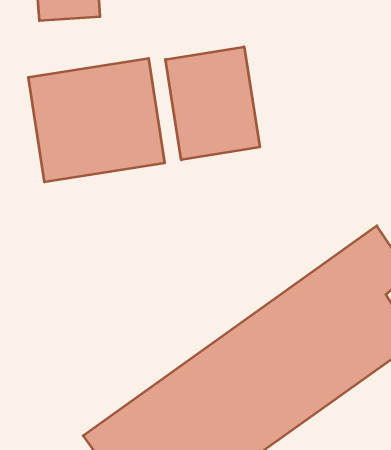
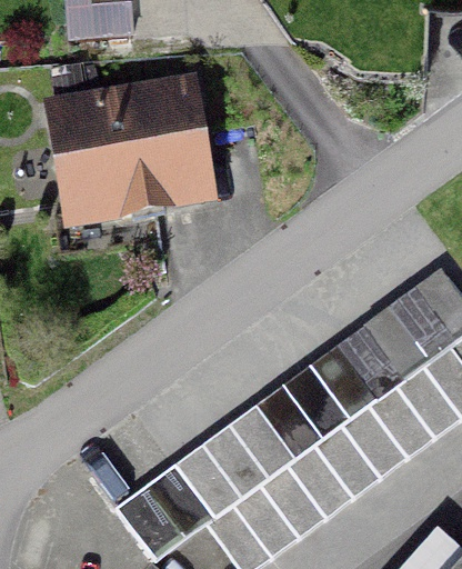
building: [165,47,260,160] -> none

